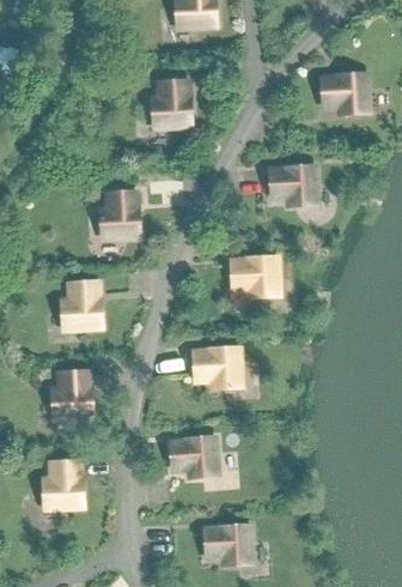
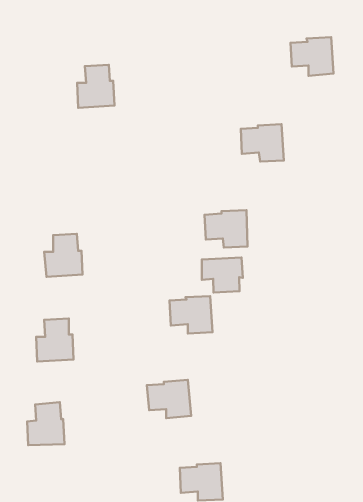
building: [152,80,191,126] -> [77,65,114,108]
building: [99,190,140,236] -> none
building: none -> [202,258,243,293]

